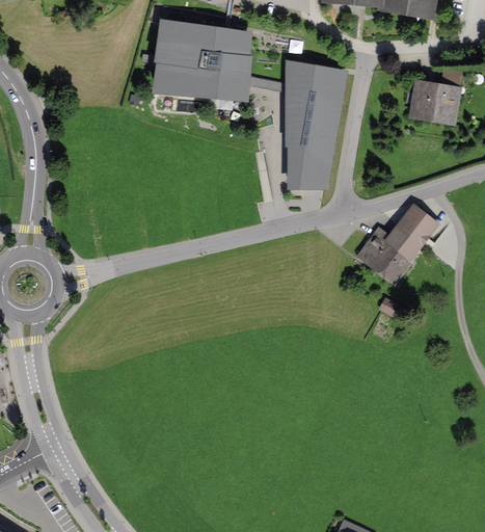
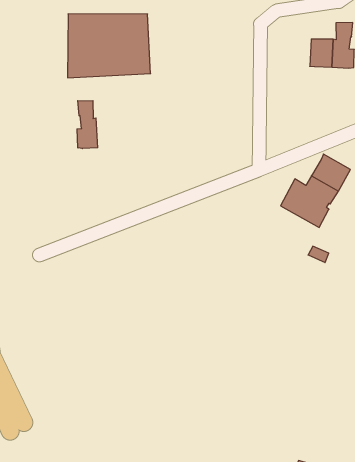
building: [290,63,345,188] -> none
building: none -> [77,101,98,149]

